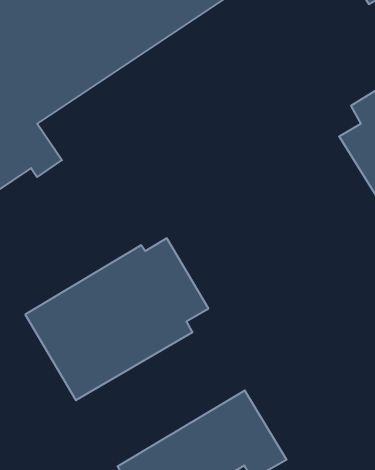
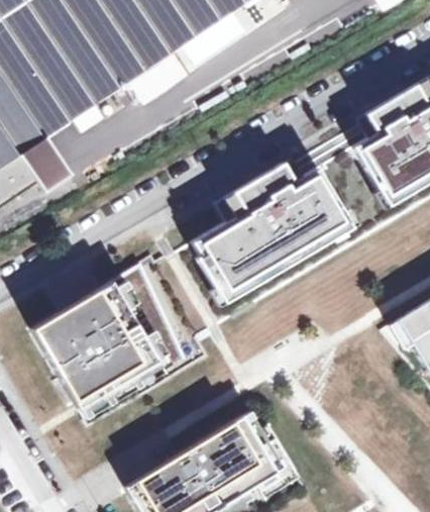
building: none -> [191,164,351,305]

